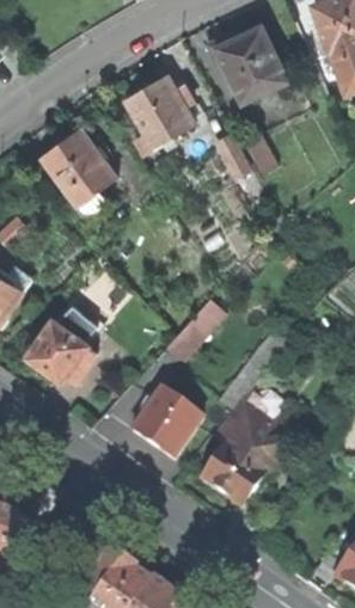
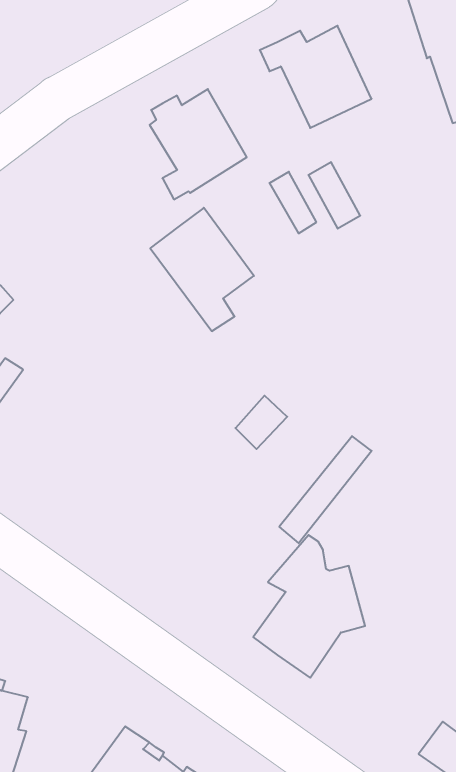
building: [39,127,116,217] -> [150,208,254,331]
building: [26,305,96,380] -> none
building: [133,388,203,459] -> none

